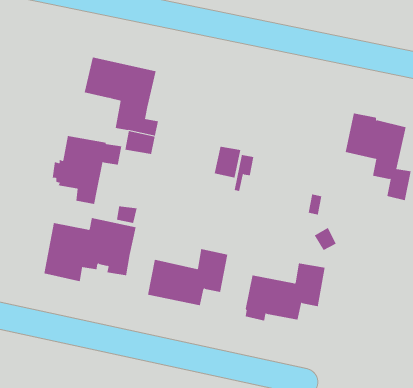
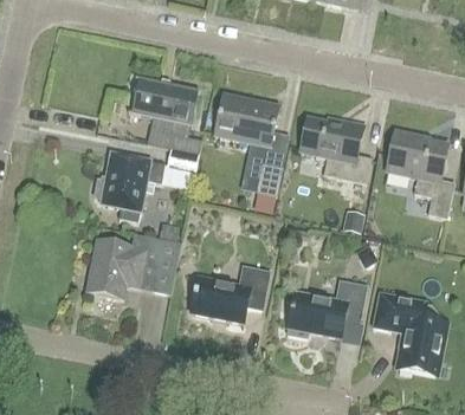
building: none -> [214,95,278,145]
building: none -> [299,116,370,182]
building: none -> [372,291,444,372]

